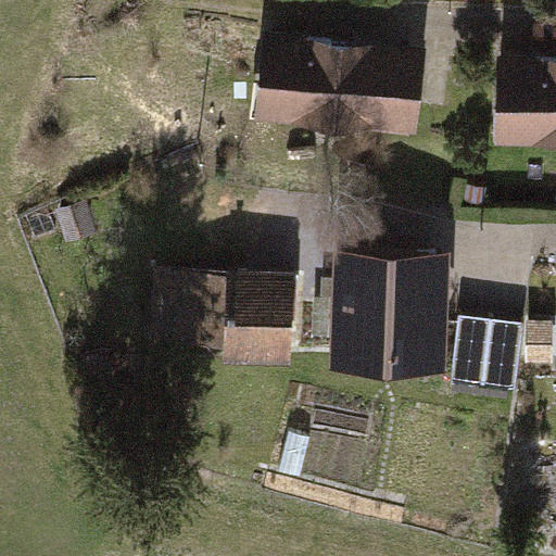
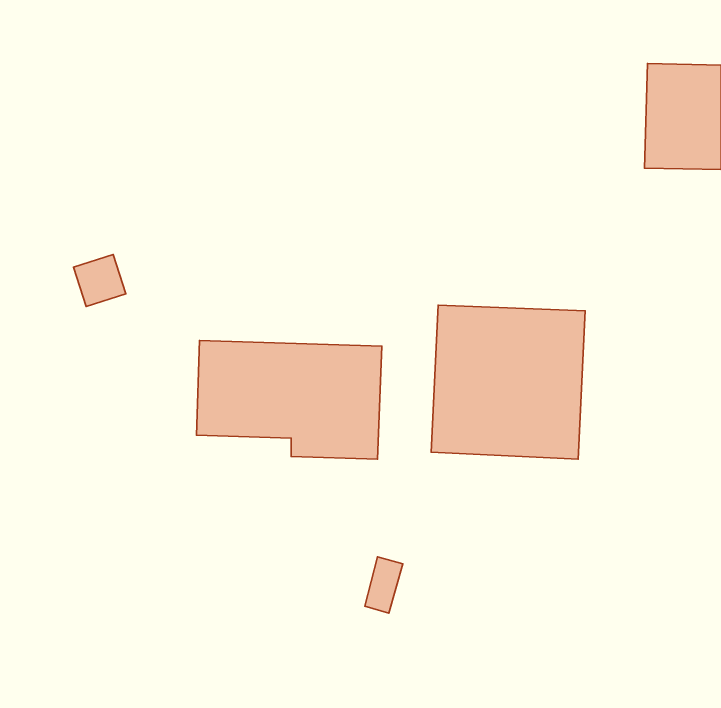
building: [255,34,426,134] -> none
building: [452,320,523,392] -> none

